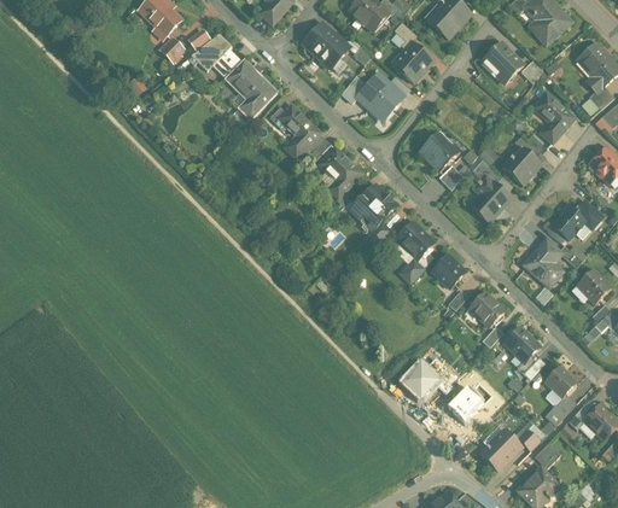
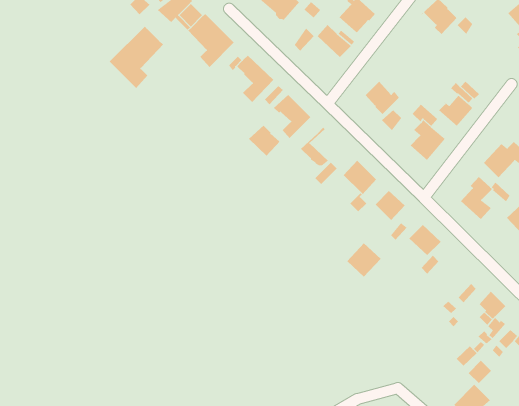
building: none -> [109,26,164,89]
building: [355,84,392,122] -> none
building: [534,94,573,142] -> none
building: [360,187,396,222] -> [248,125,281,156]
building: [505,328,538,362] -> none
building: [400,361,438,399] -> [346,243,381,278]
building: [447,385,483,422] -> none
building: [479,430,520,471] -> none

